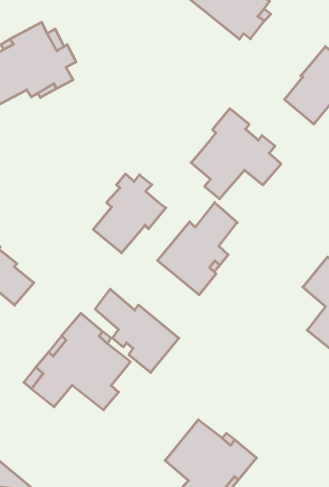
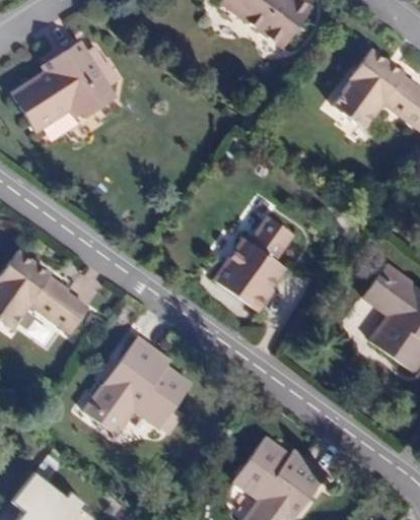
building: [191,109,281,199] -> none
building: [93,174,166,253] -> none
building: [95,289,179,373] -> none

